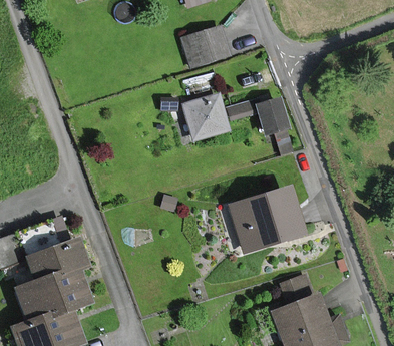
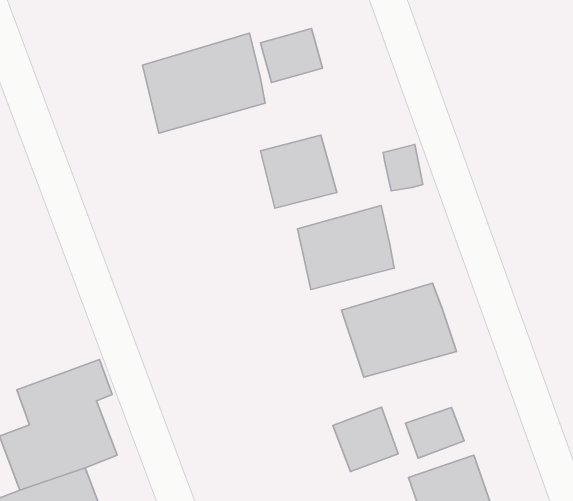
building: none -> [142,33,265,133]
building: none -> [297,206,394,289]
building: none -> [333,407,398,471]

